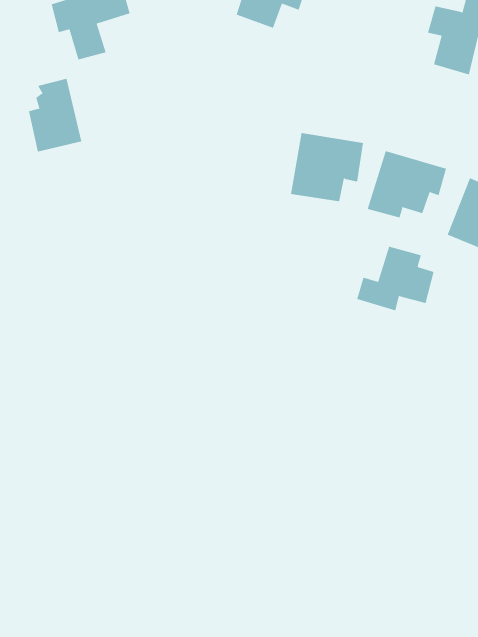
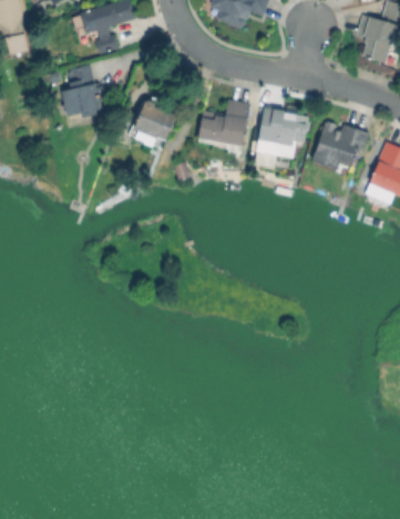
building: none -> [198,98,248,146]
building: none -> [131,101,178,143]
building: [356,246,434,311] -> none

